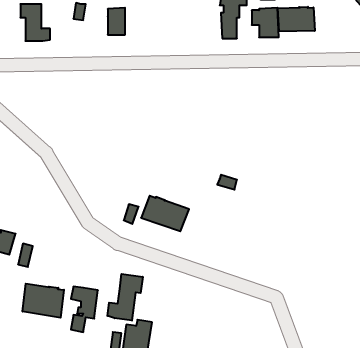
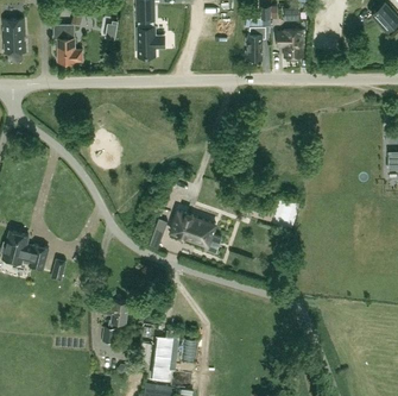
building: [278,7,315,31] -> none
building: [107,274,143,321] -> none
building: [23,284,64,318] -> none

